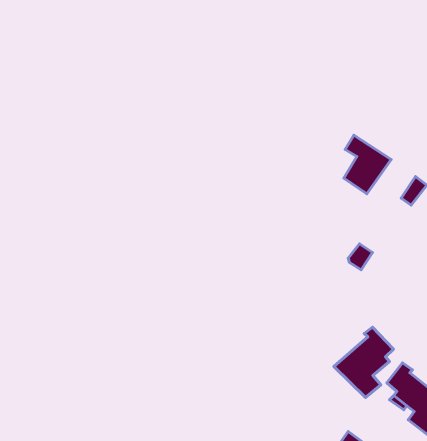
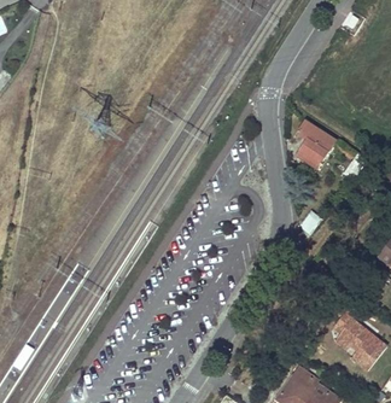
building: [334,327,393,398] -> none

